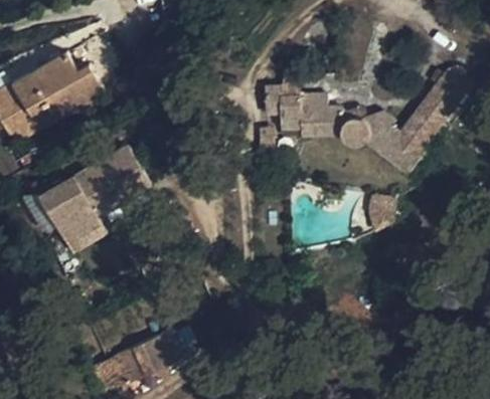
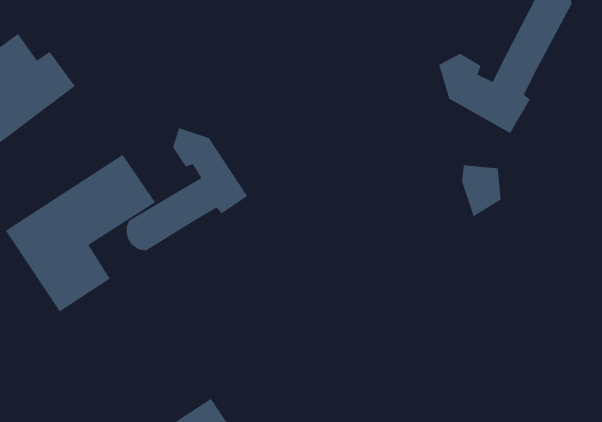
building: [266,64,368,144] -> none
building: none -> [126,127,248,251]

